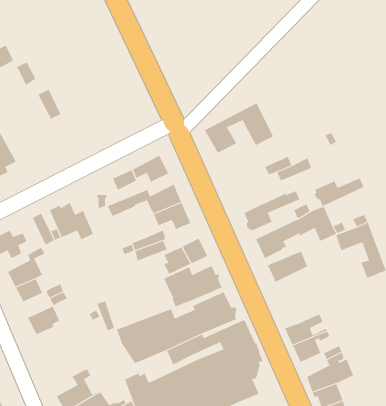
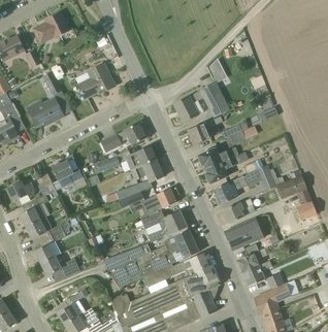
building: none -> [33,12,69,43]
building: none -> [78,63,116,98]
building: none -> [28,98,64,126]
building: none -> [188,115,223,144]
building: [314,178,364,207] -> [198,145,237,168]
building: none -> [224,218,263,251]
building: none -> [41,258,80,277]

